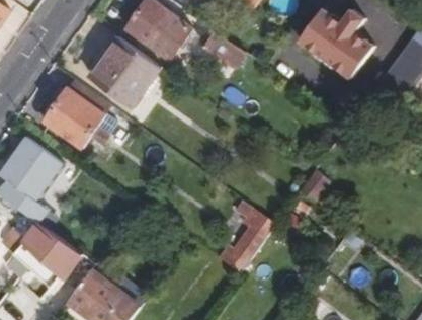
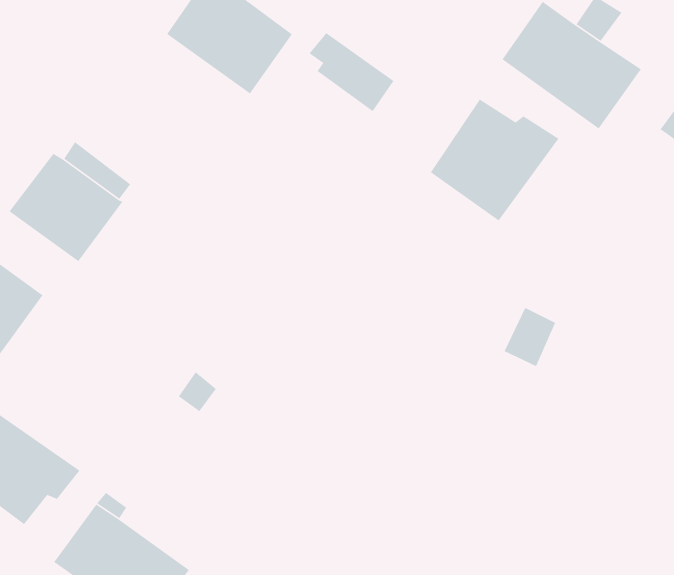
building: [90,36,162,106] -> none
building: none -> [430,99,559,222]
building: [223,202,274,272] -> none

